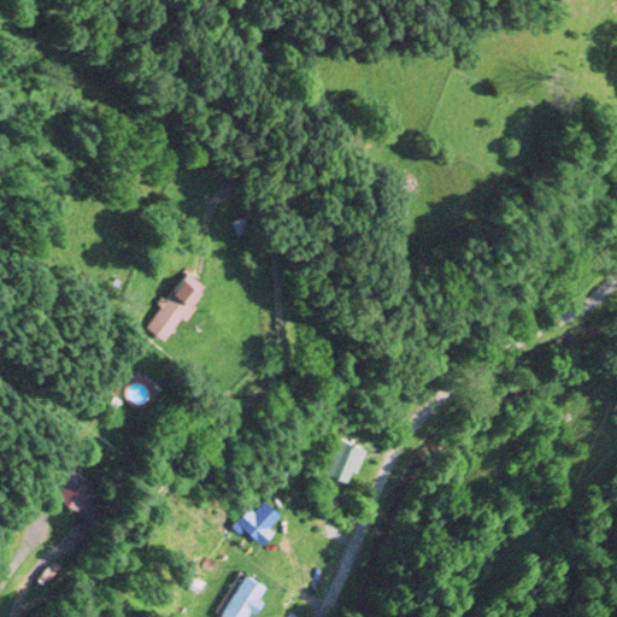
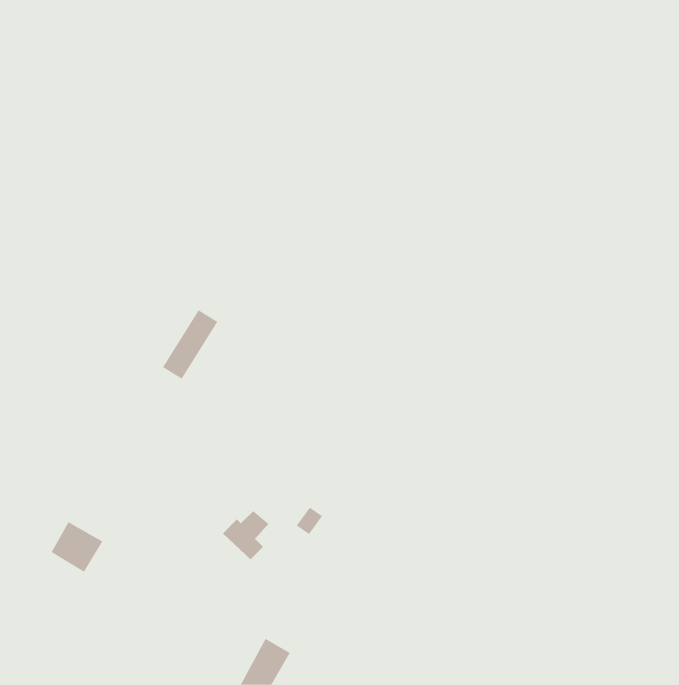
building: [323,441,363,487] -> none
building: [239,503,281,547] -> [222,511,269,560]

